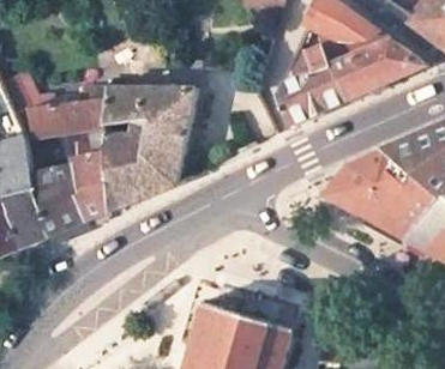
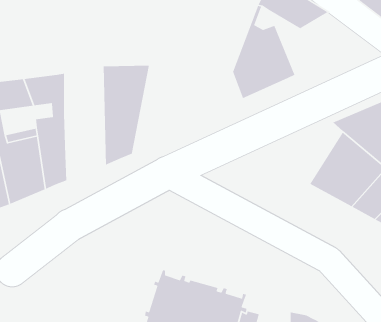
building: [318,32,423,99] -> none
building: [96,90,146,210] -> none
building: [325,149,395,213] -> none

